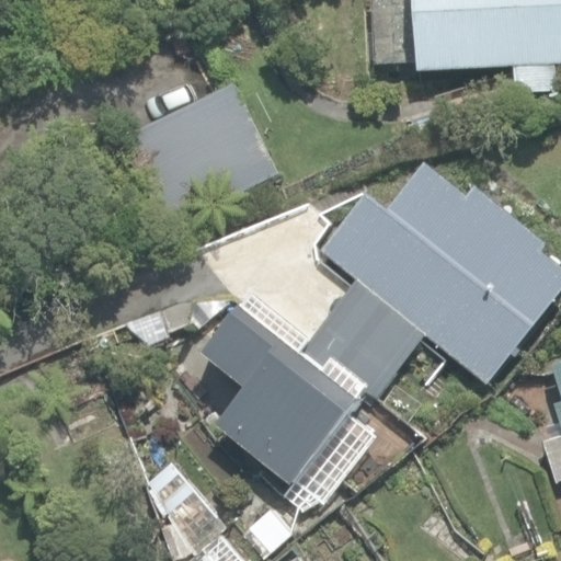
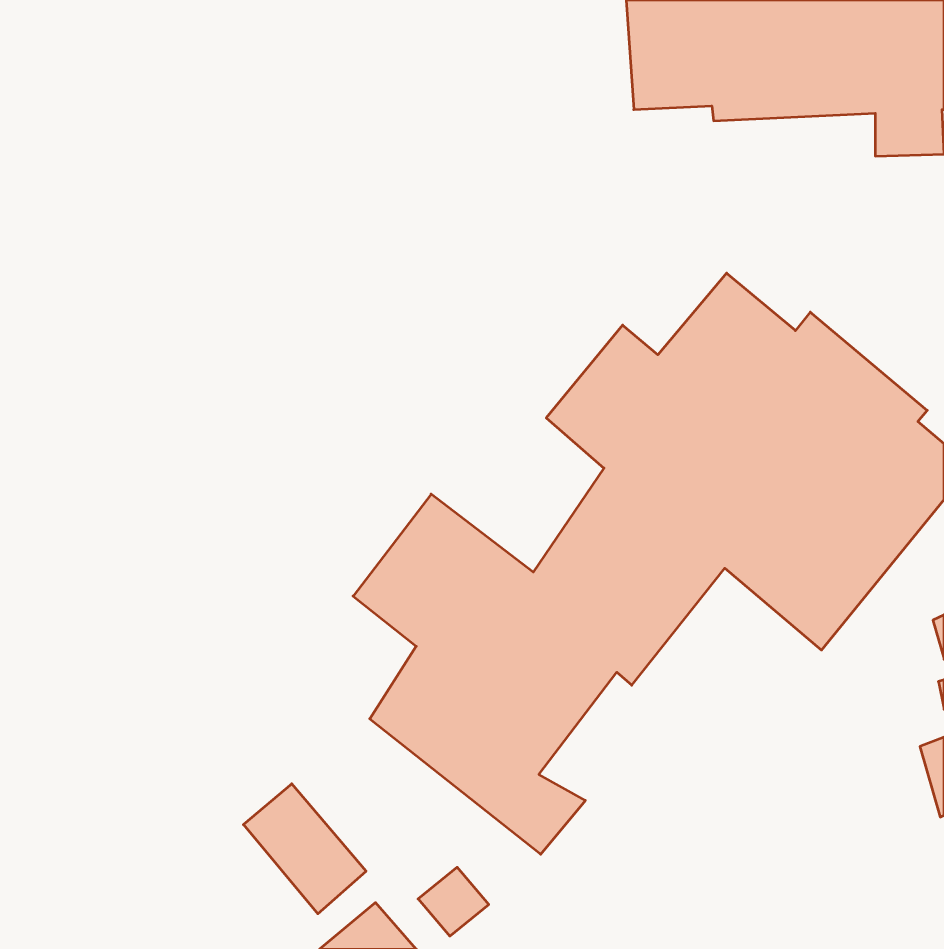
building: [116,84,275,226] -> none

